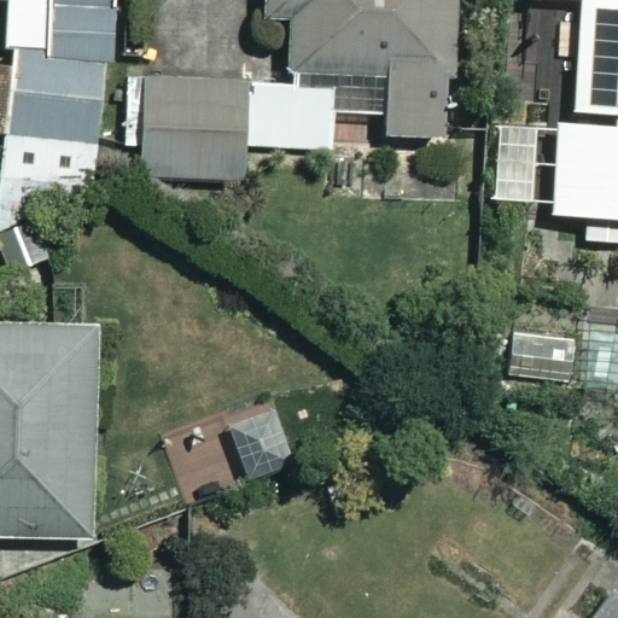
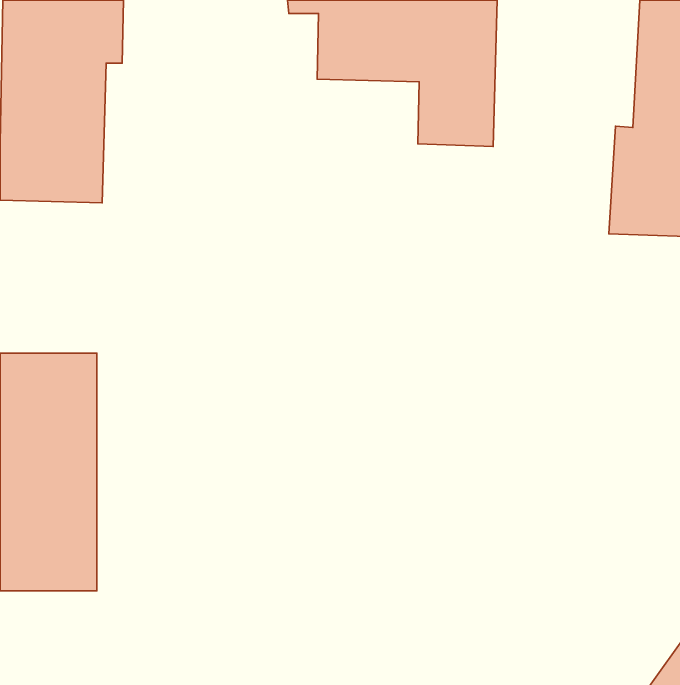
building: [132,77,334,176] -> none

